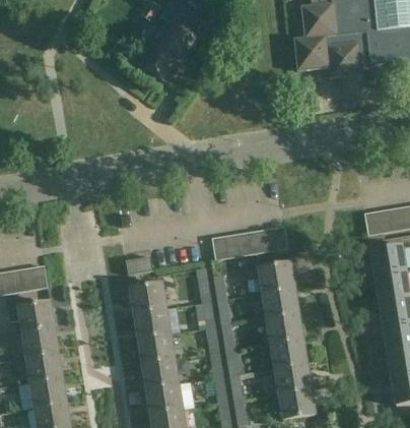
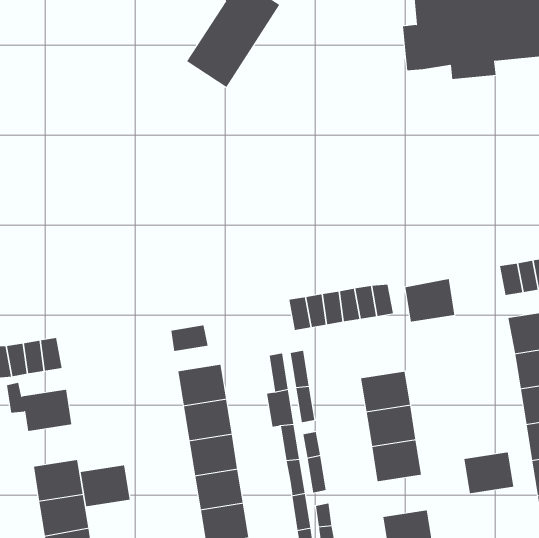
building: [259,263,295,295] -> [405,279,455,322]
building: [22,328,59,359] -> [80,465,131,507]
building: [275,365,312,395] -> [463,452,514,494]

